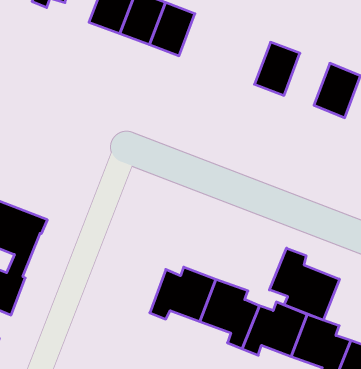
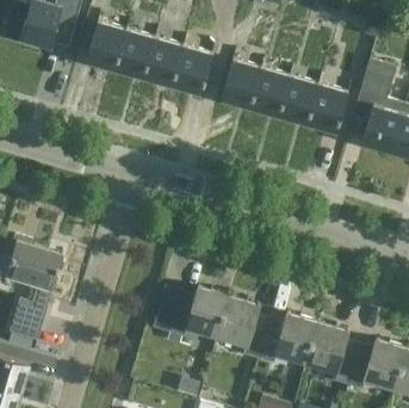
building: none -> [178,47,219,95]
building: none -> [221,58,262,109]
building: none -> [279,76,320,124]
building: [269,248,339,320] -> none

